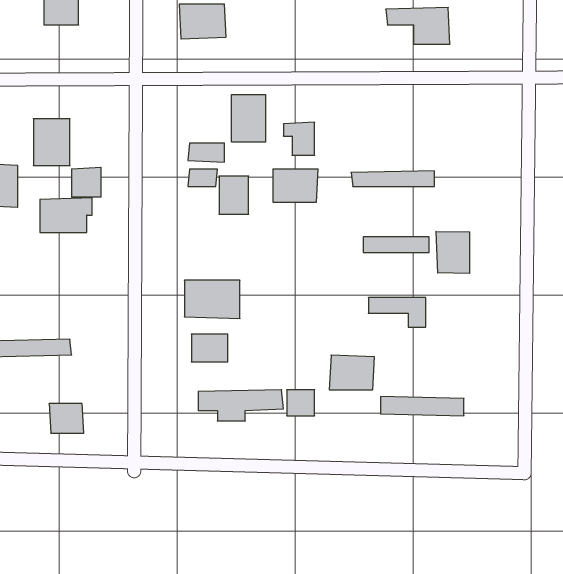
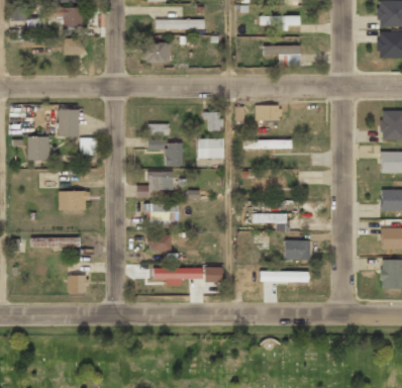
building: [232,95,265,142] -> none
building: none -> [255,104,280,120]
building: [40,198,92,232] -> [59,190,89,210]
building: none -> [136,171,173,197]
building: [436,231,470,273] -> none
building: [329,355,374,390] -> [284,239,310,260]

